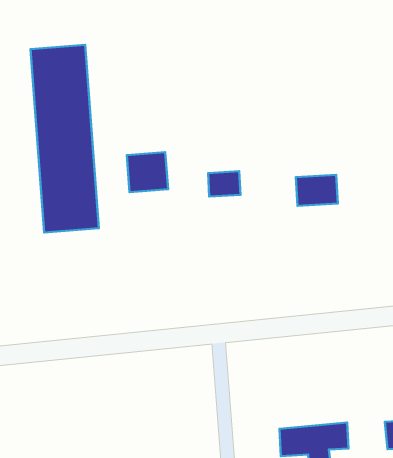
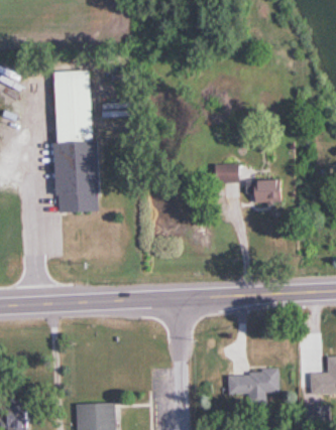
building: [127,152,168,192] -> none
building: [208,171,241,196] -> [215,165,239,183]

